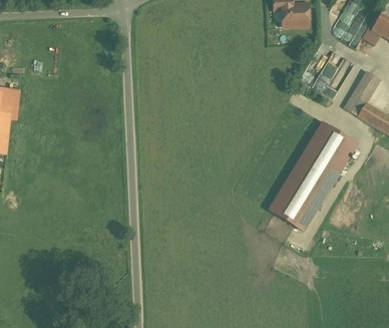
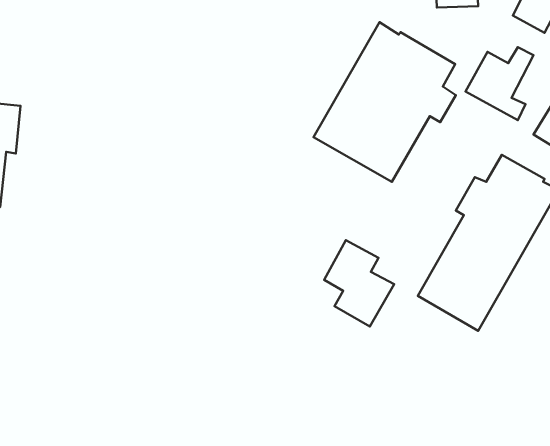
building: none -> [314,22,456,182]
building: none -> [324,240,394,326]

